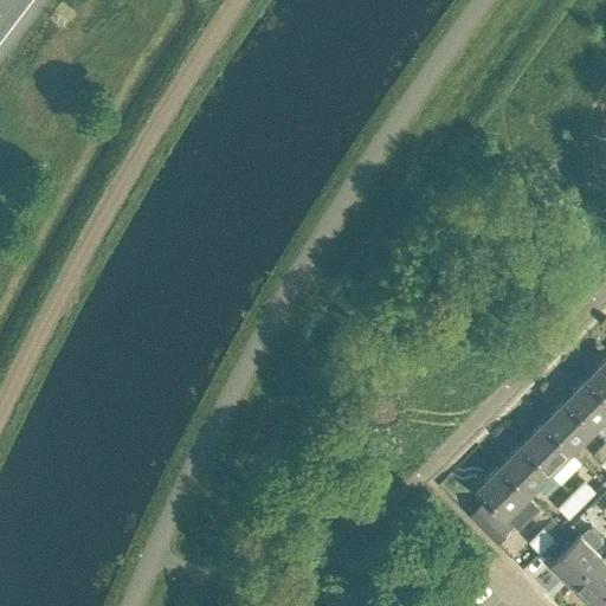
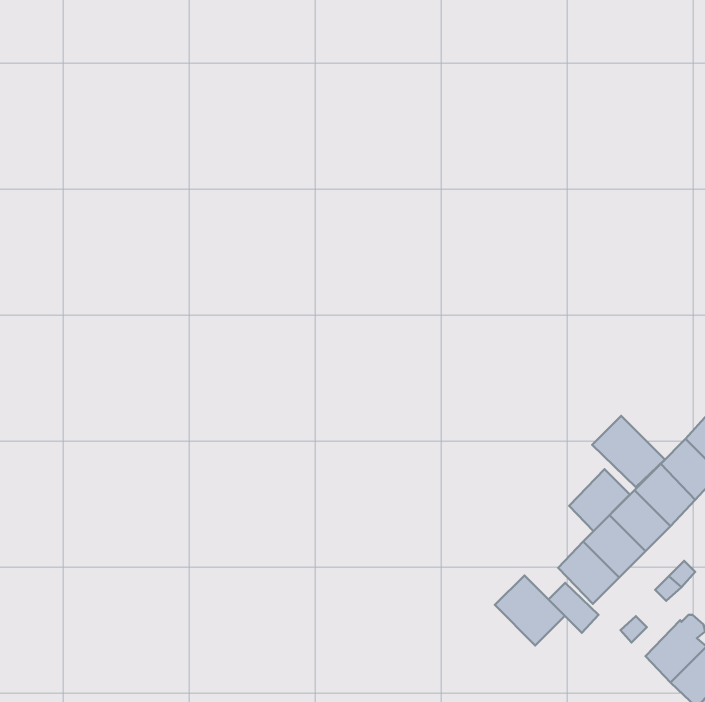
building: none -> [592,416,665,487]
building: none -> [569,469,630,531]
building: none -> [495,575,565,645]

